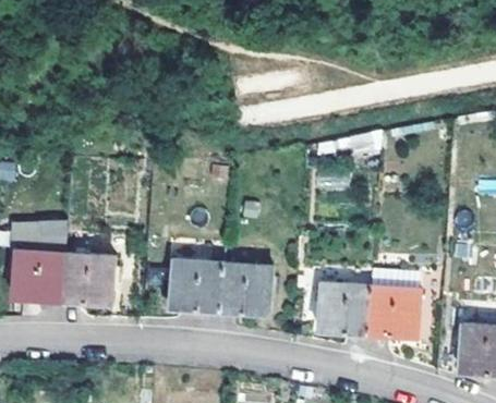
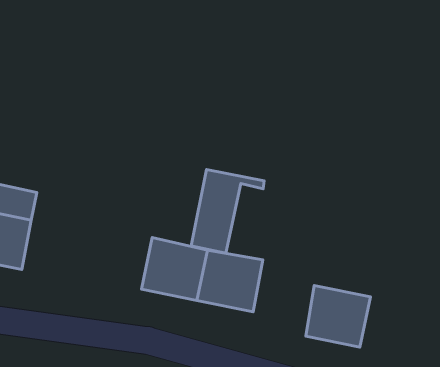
building: none -> [191,169,264,253]
building: [64,252,120,301] -> none
building: [372,285,426,335] -> none

